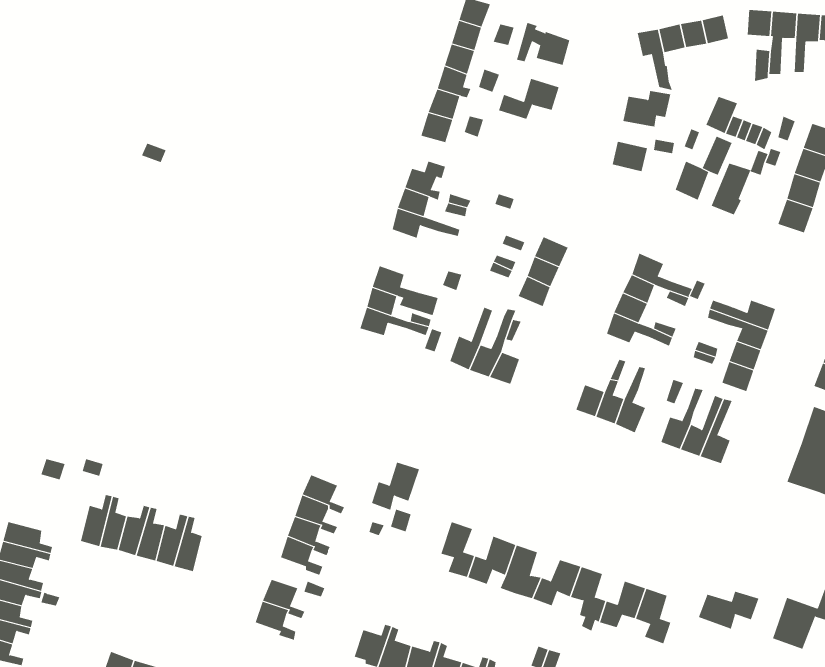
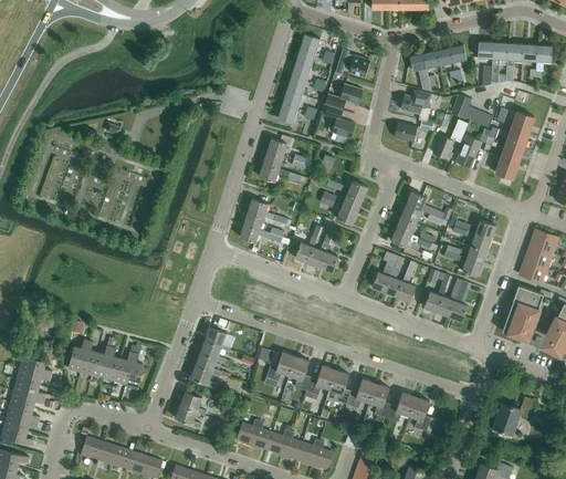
building: none -> [325,106,355,138]
building: [371,462,420,510] -> [266,352,296,382]
building: [698,591,759,629] -> none

